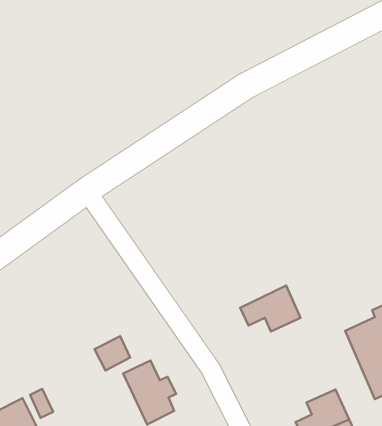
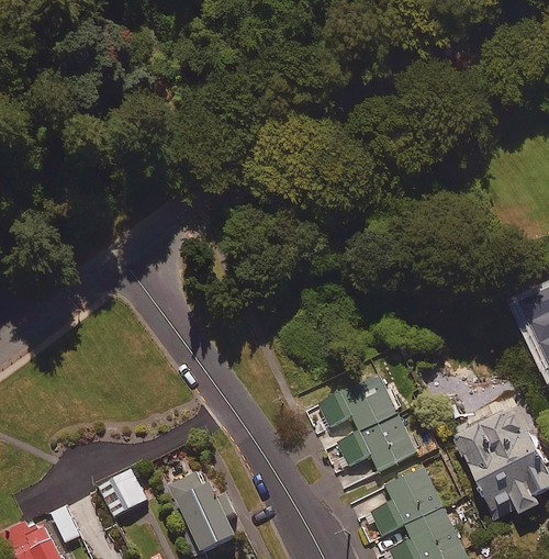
building: none -> [338,415,415,470]
building: [94,336,130,370] -> [100,472,146,516]
building: none -> [372,463,442,535]

